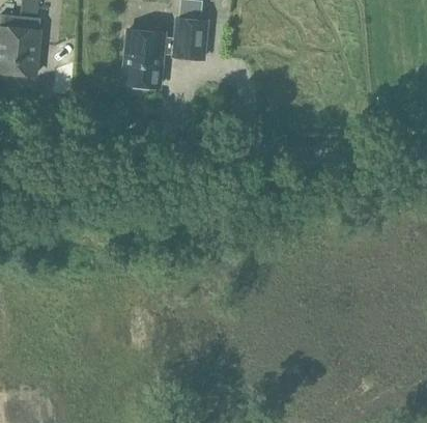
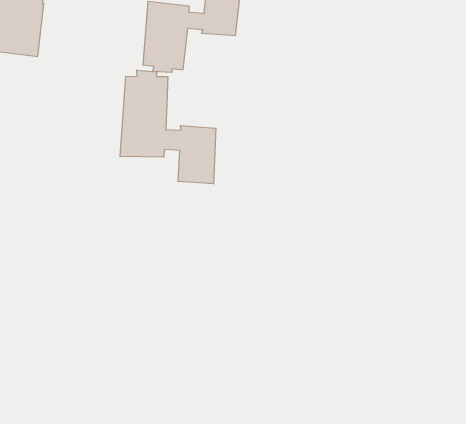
building: none -> [120,70,216,184]

